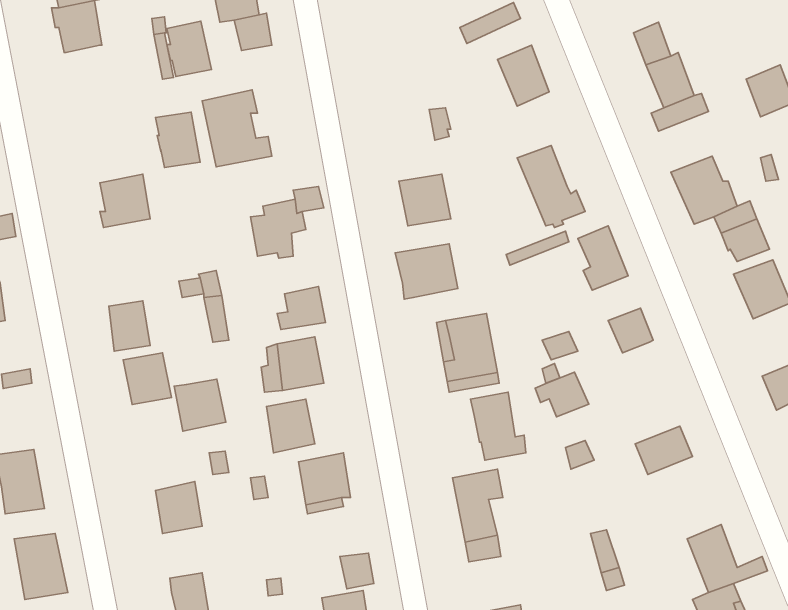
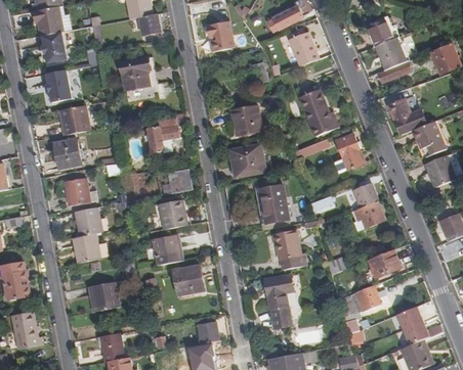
building: [167,21,212,77] -> [41,32,67,63]
building: none -> [207,20,233,51]
building: [156,112,200,168] -> [45,71,71,102]
building: none -> [54,139,82,169]
building: [535,372,589,417] -> [352,201,383,227]
building: [174,379,226,431] -> [72,234,101,264]
building: none -> [353,285,386,311]

